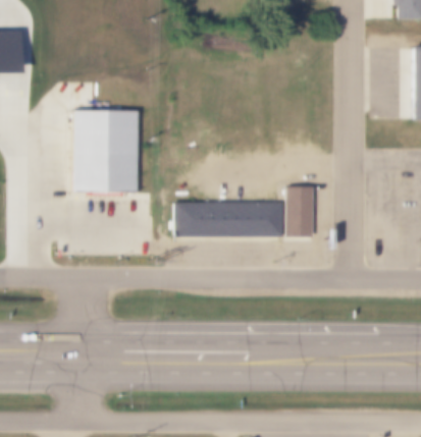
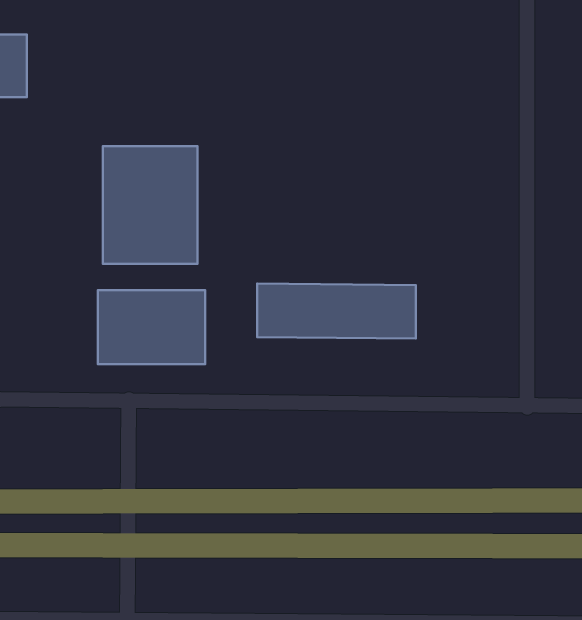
building: [286,182,315,233] -> none
building: none -> [98,290,205,364]

